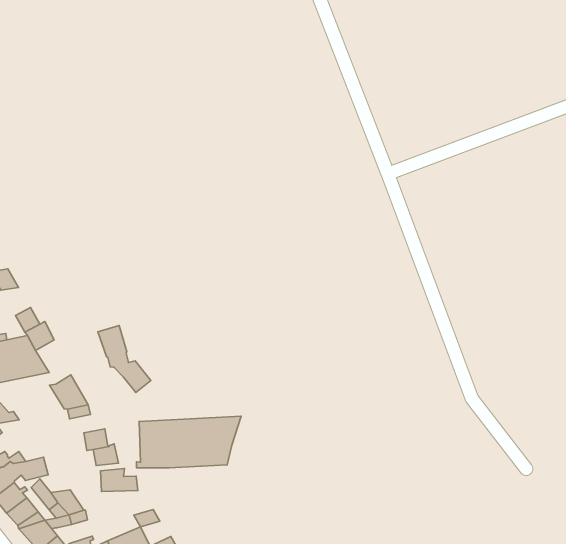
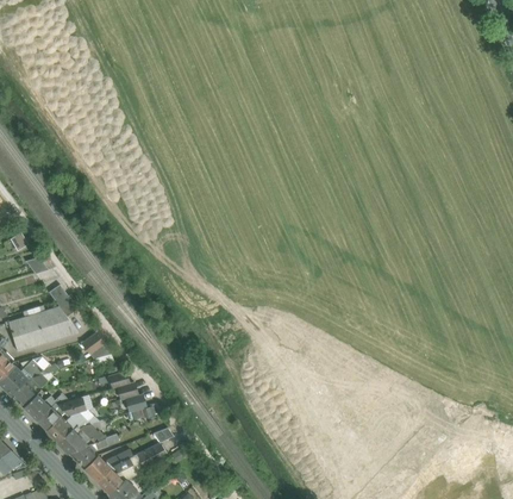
building: [98,325,151,393] -> none
building: [136,416,241,468] -> none

